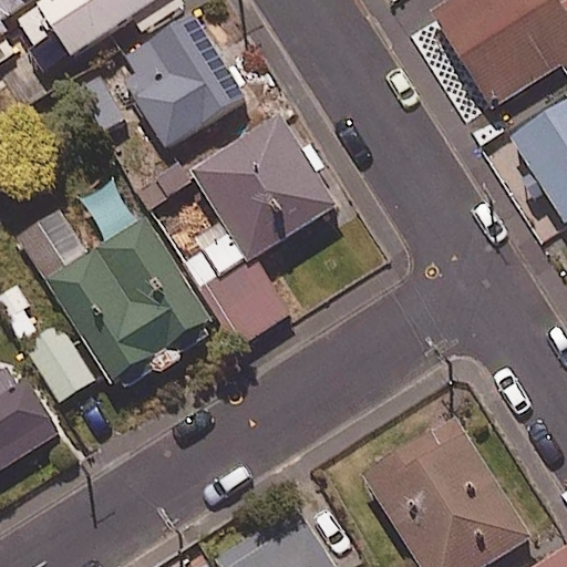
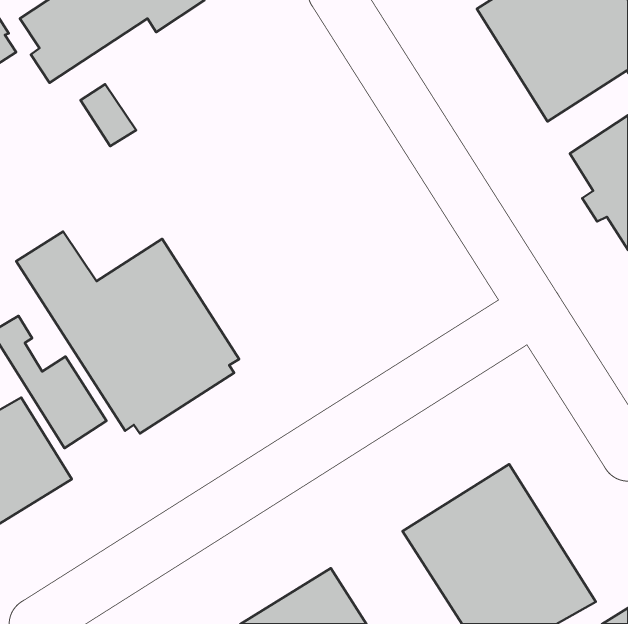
building: [118,11,247,151] -> none
building: [175,114,337,346] -> none

